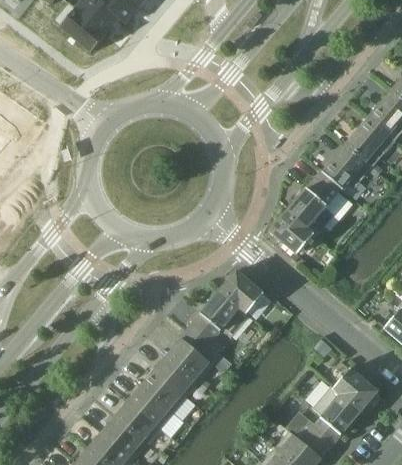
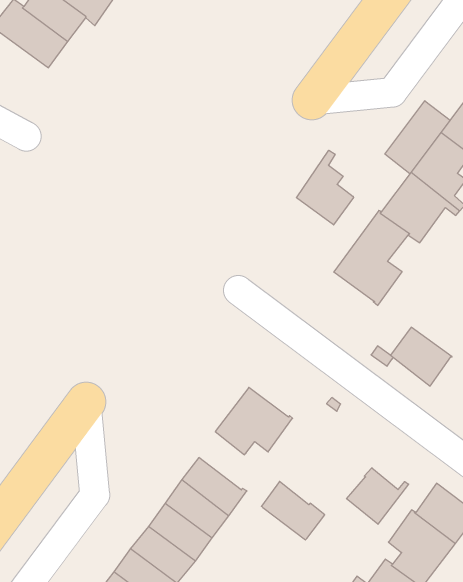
building: none -> [385,101,450,174]
building: none -> [296,150,354,225]
building: [269,211,313,254] -> [391,327,452,386]
building: [219,270,263,313] -> none
building: [179,320,224,363] -> [261,481,325,540]
building: none -> [347,468,409,524]

